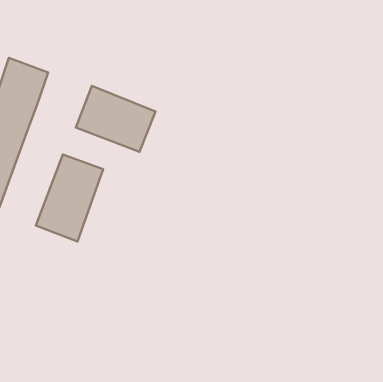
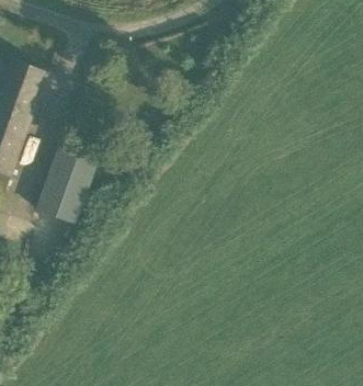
building: [76,86,155,152] -> none

